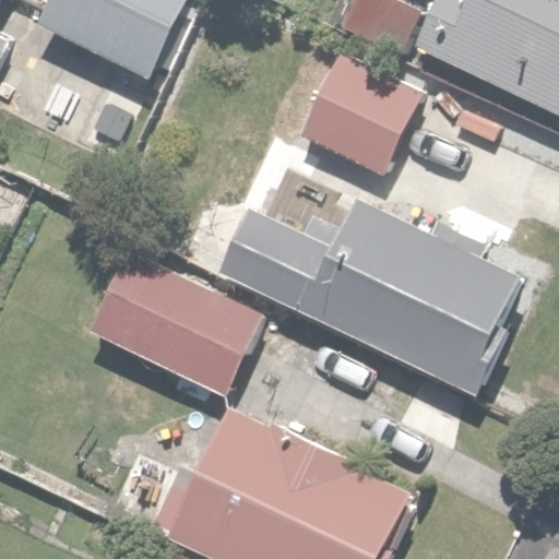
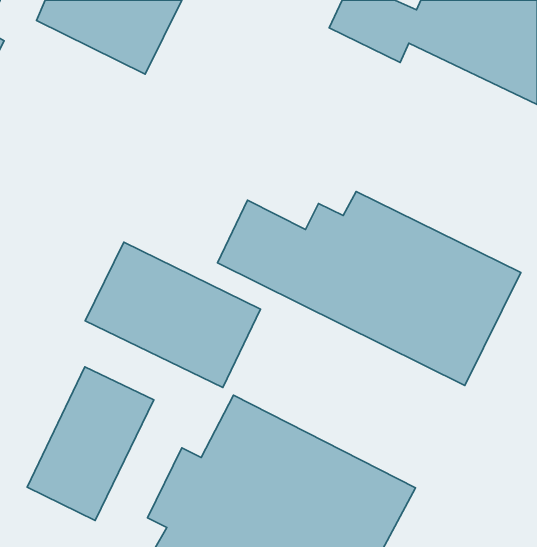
building: [297,51,424,174] -> none
building: none -> [27,367,154,521]

